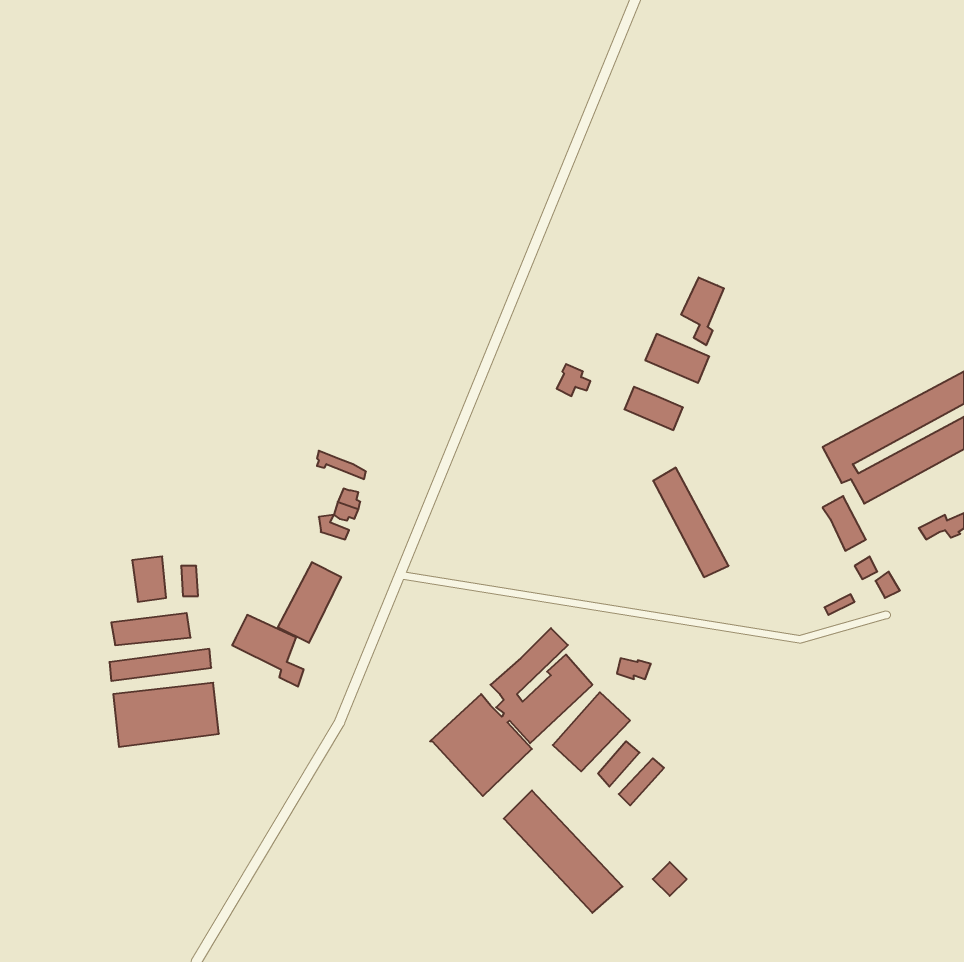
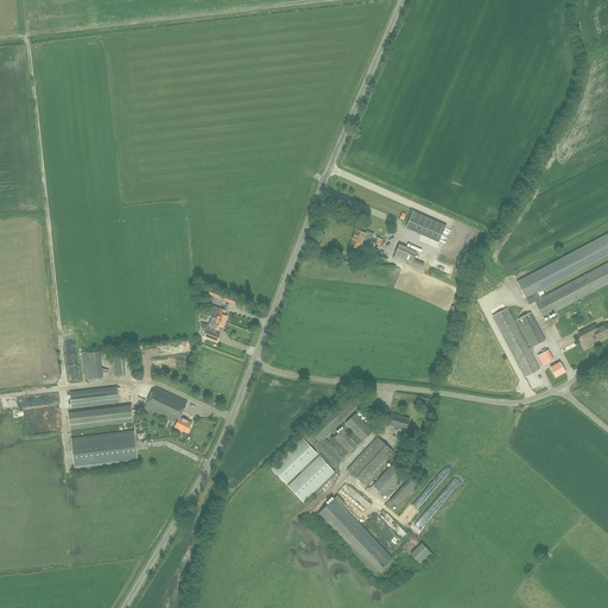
building: [681,277,724,345] -> none
building: [653,468,729,577] -> [493,308,540,376]
building: [278,562,341,643] -> none

